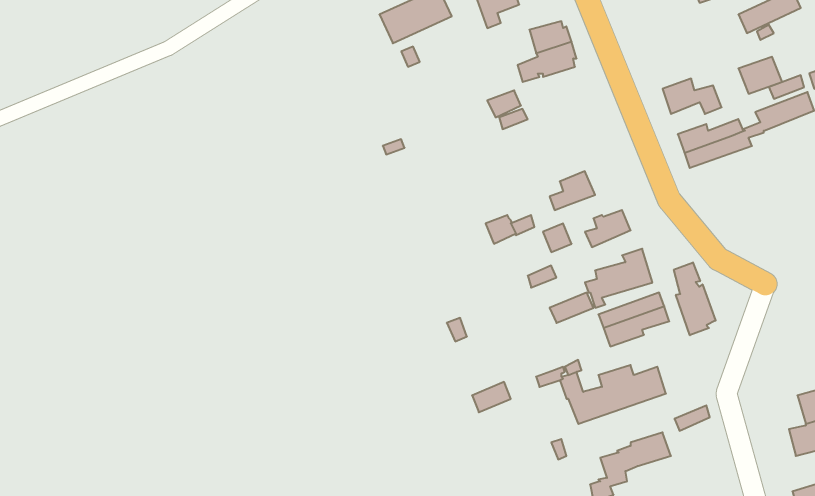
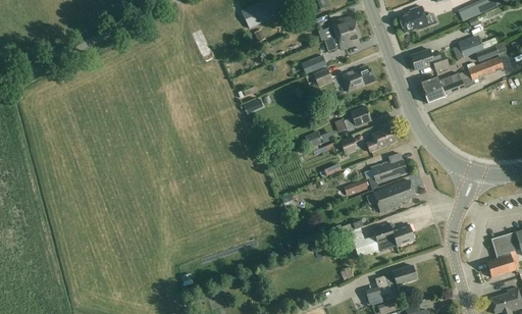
building: none -> [400,6,428,33]
building: none -> [342,65,375,90]
building: [674,262,716,335] -> none

